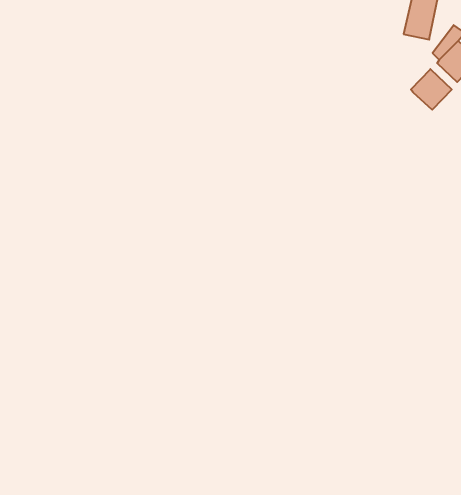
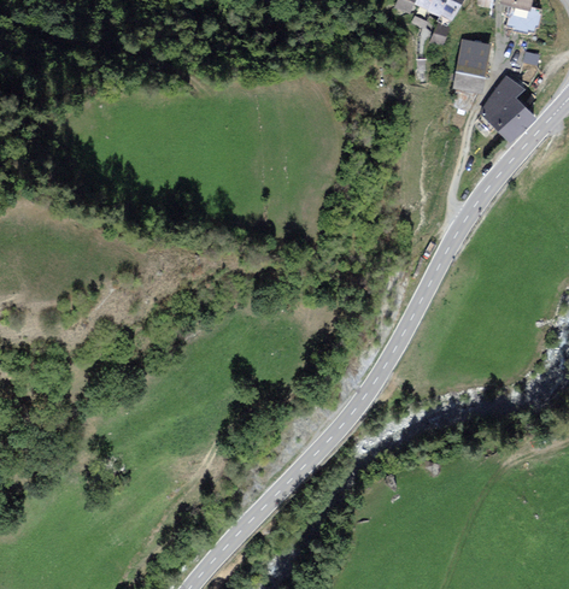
building: [411,69,452,110] -> none

